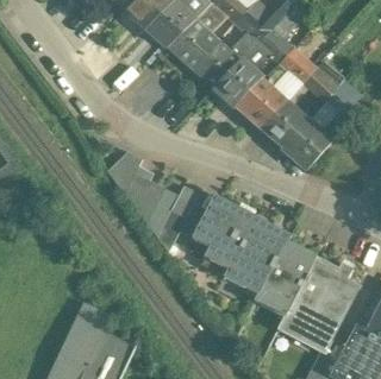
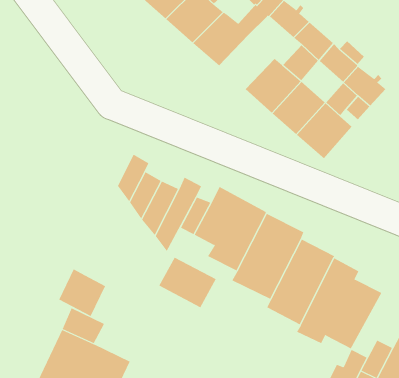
building: [214,61,263,108] -> none
building: [107,152,140,194] -> none
building: none -> [159,257,216,308]
building: none -> [59,269,106,317]

